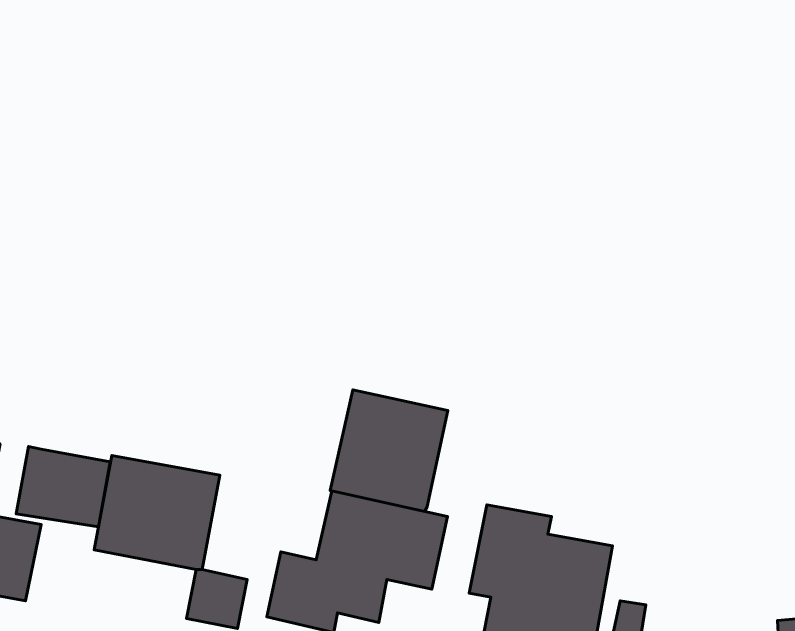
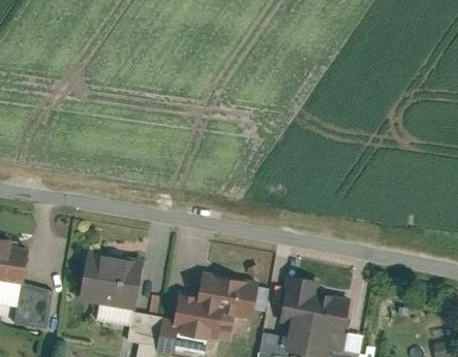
building: [330,390,448,512] -> none
building: [16,447,110,527] -> none

